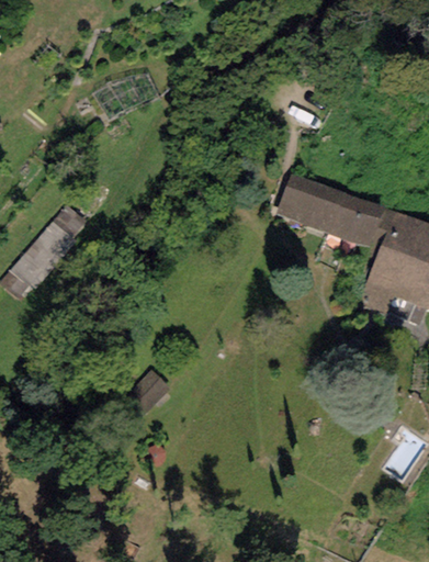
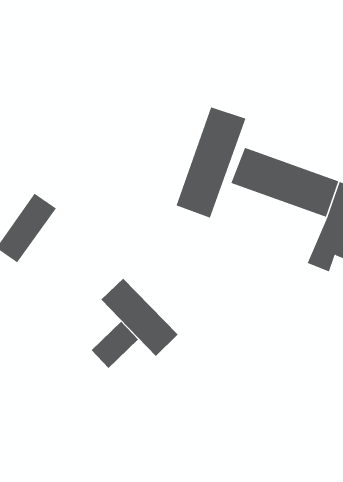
building: none -> [176,106,246,218]
building: none -> [100,278,178,357]

